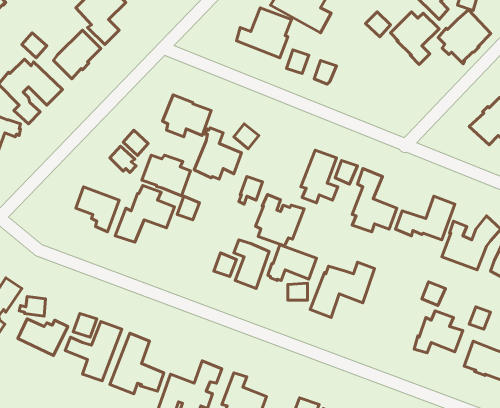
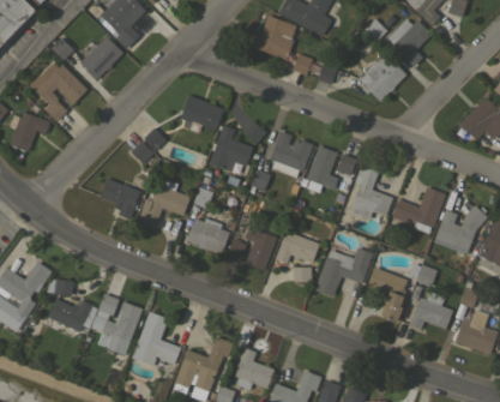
building: [438,10,491,64] -> [359,54,406,103]
building: [142,155,191,196] -> [186,218,230,256]
building: [256,194,304,246] -> [270,131,314,178]
building: none -> [367,268,410,322]

